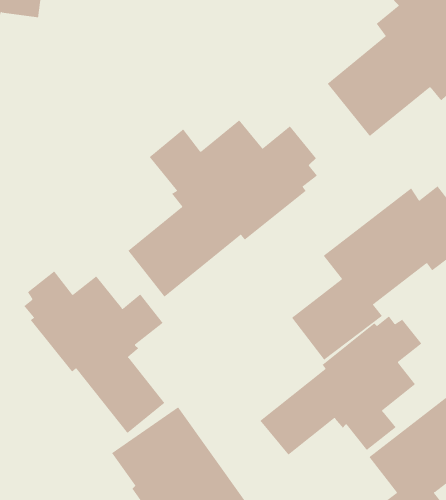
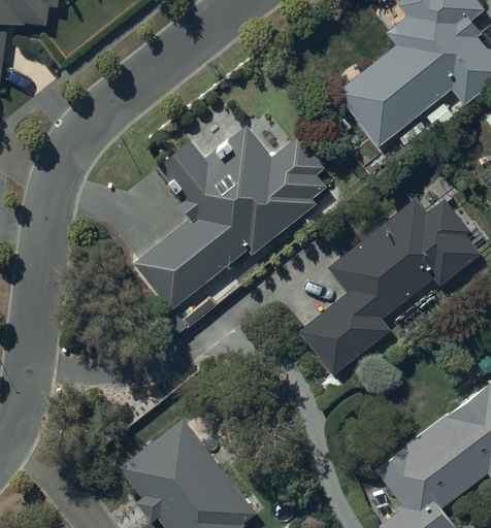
building: [24,271,165,434] -> none
building: [260,316,422,455] -> none

